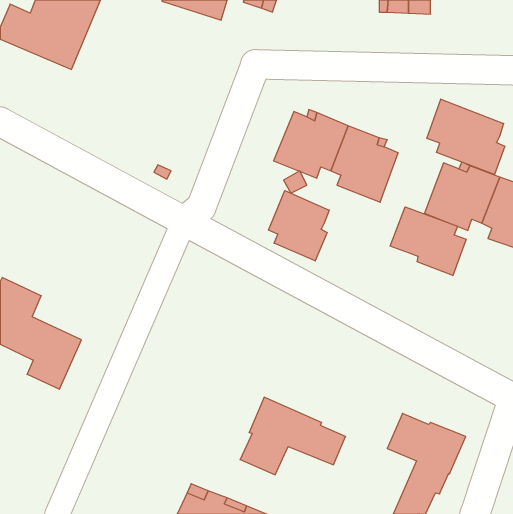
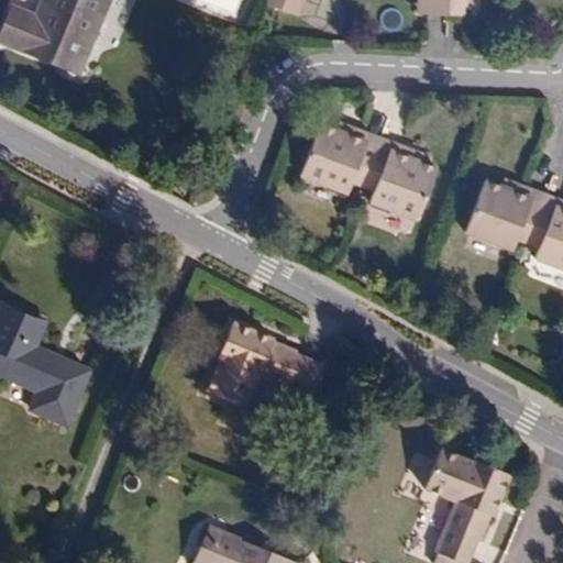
building: [427,99,505,174] -> none
building: [269,191,329,261] -> none
building: [390,207,466,276] -> none
building: [240,397,346,475] -> [207,323,322,408]

